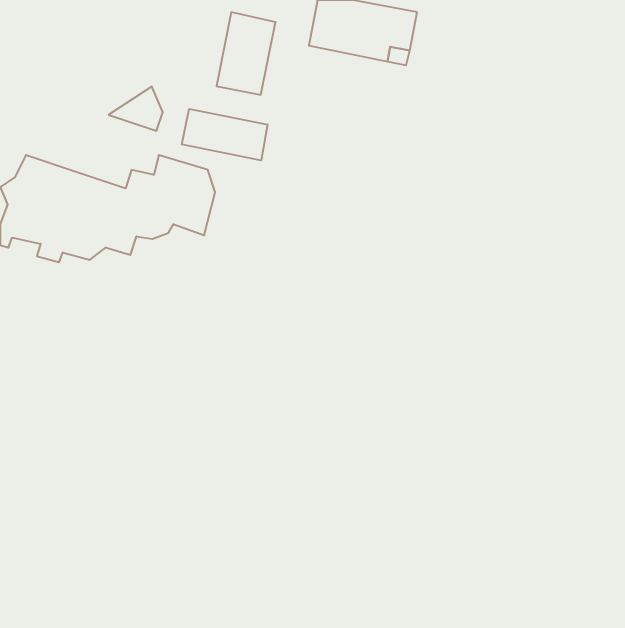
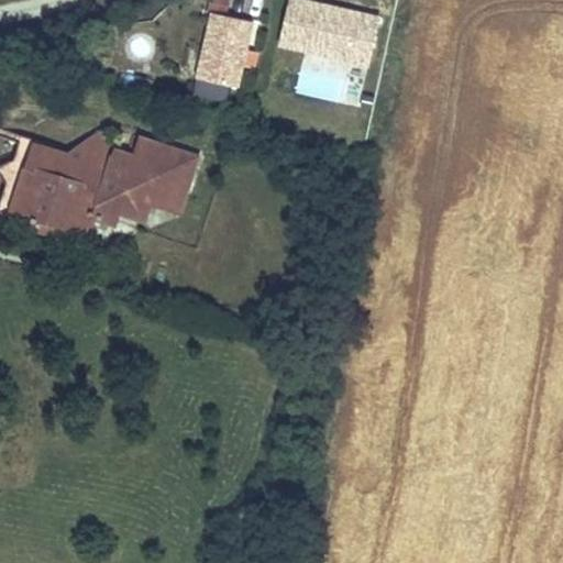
building: [109,86,163,131] -> [73,130,121,169]
building: [182,109,267,160] -> none

